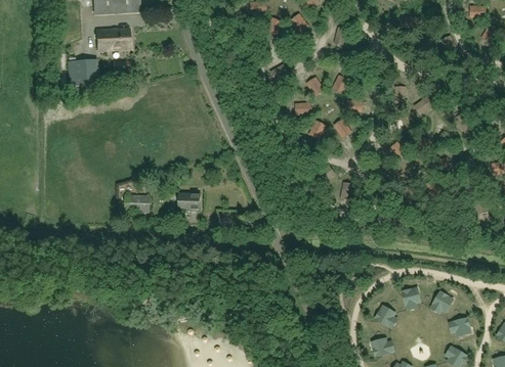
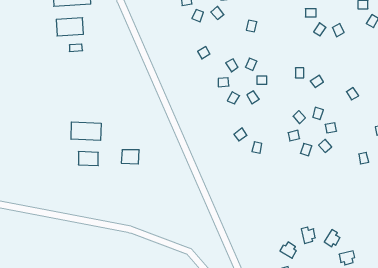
building: [69,58,92,85] -> none
building: none -> [71,122,101,140]

